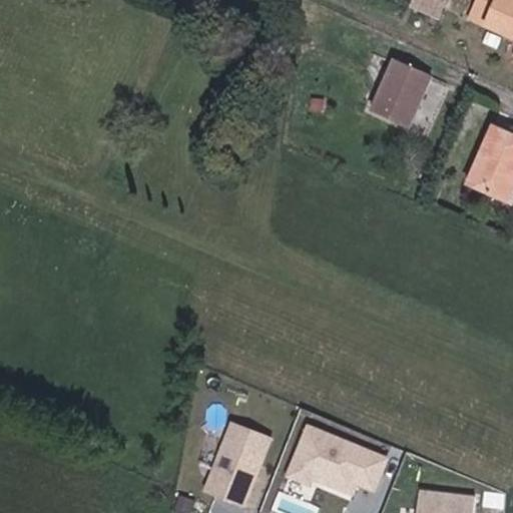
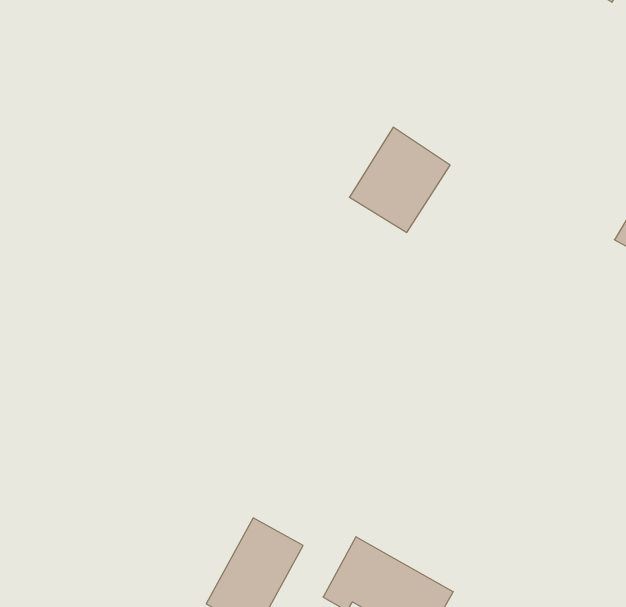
building: [365,54,436,130] -> [349,127,450,232]

